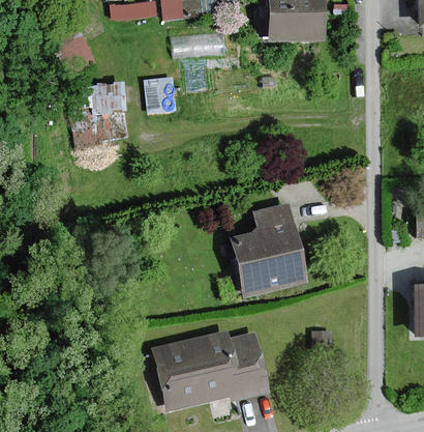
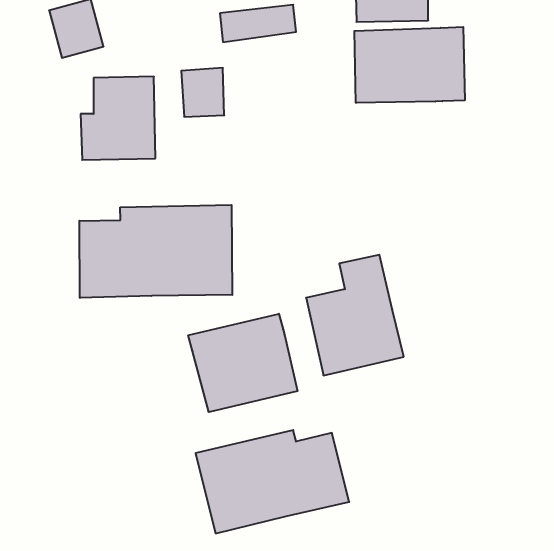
building: none -> [354,27,465,103]
building: none -> [79,205,232,298]
building: none -> [188,314,298,412]

